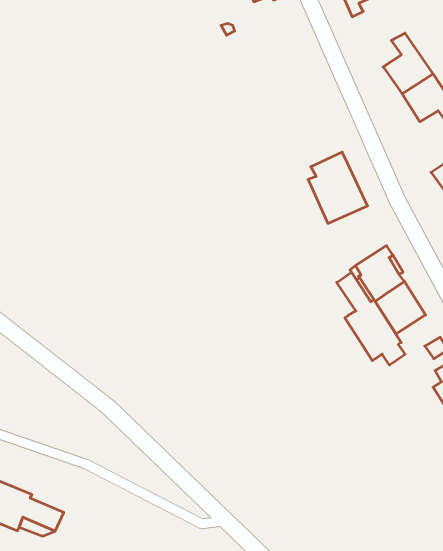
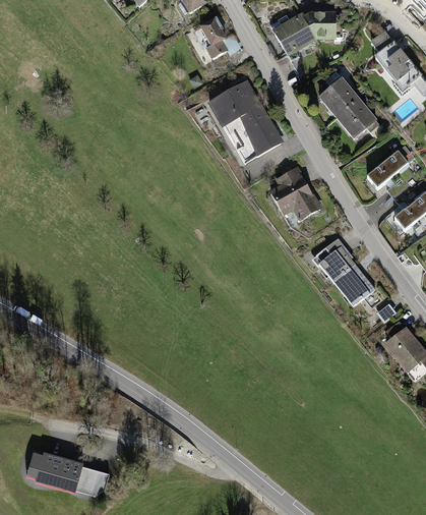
building: none -> [209,81,281,163]
building: [337,272,405,365] -> none

